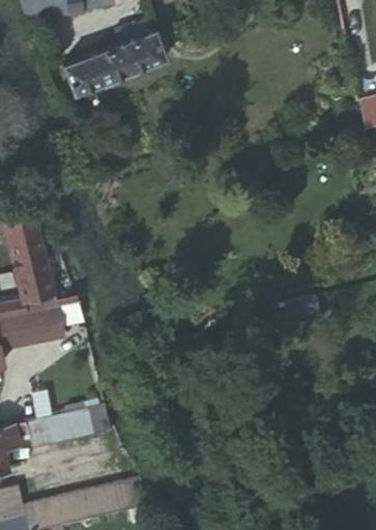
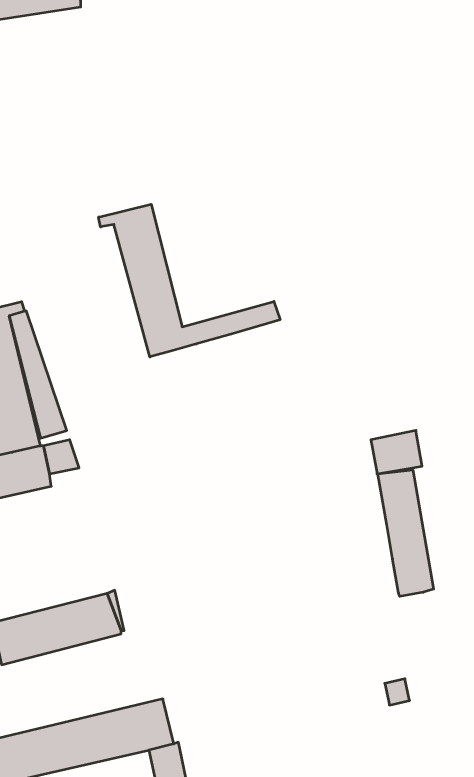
building: [63,30,167,93] -> none
building: none -> [99,204,280,357]
building: none -> [378,470,434,596]

